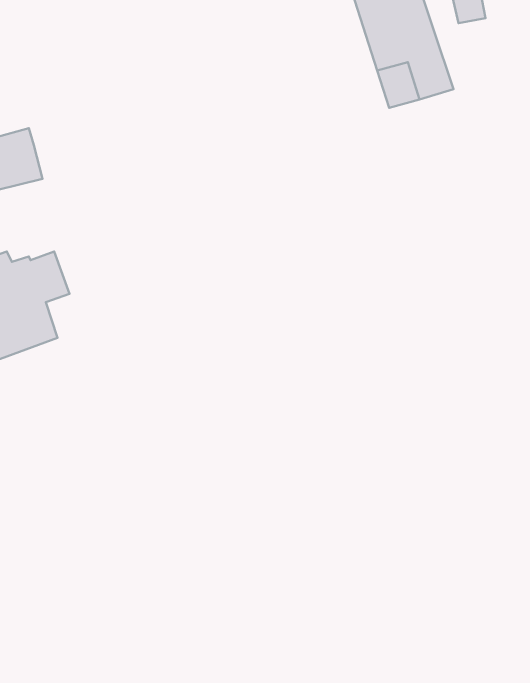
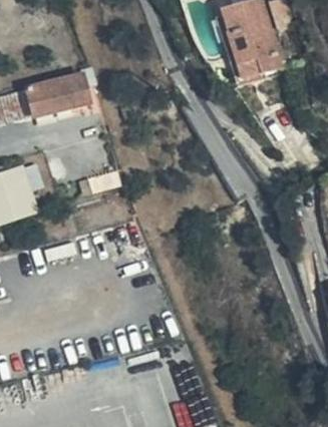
building: none -> [27,74,94,123]

